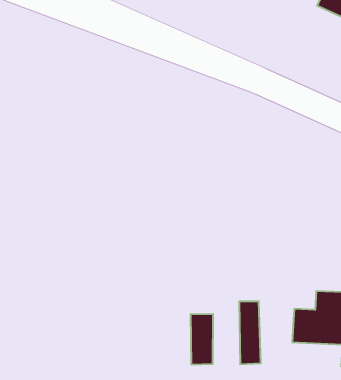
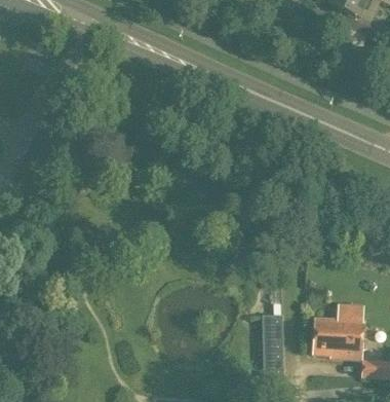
building: [191,314,213,365] -> none

